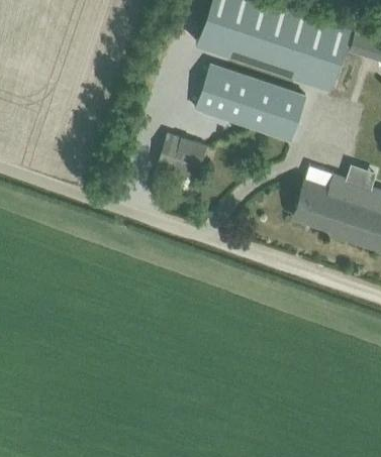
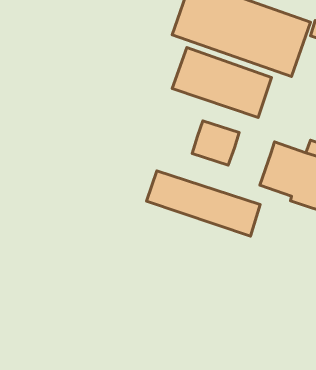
building: [157,132,209,182] -> [192,121,239,165]
building: none -> [147,171,260,236]

